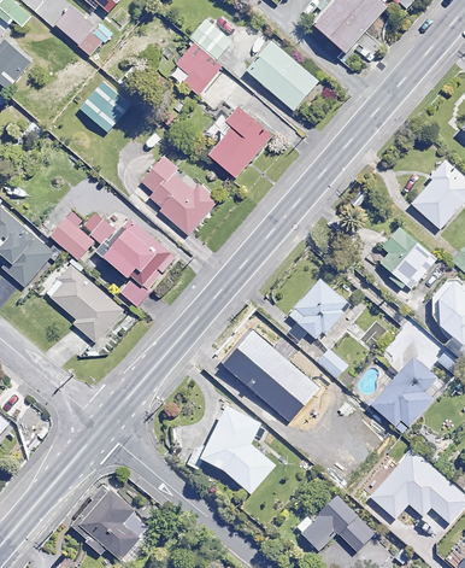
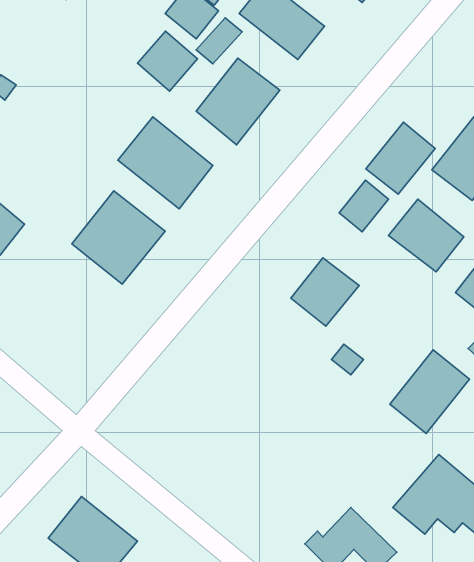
building: [81,80,133,131] -> [137,31,197,91]
building: none -> [366,122,435,194]
building: none -> [339,180,389,232]
building: [54,215,118,254] -> none
building: [47,267,123,338] -> none
building: [224,330,319,420] -> none
building: [196,408,273,494] -> none

